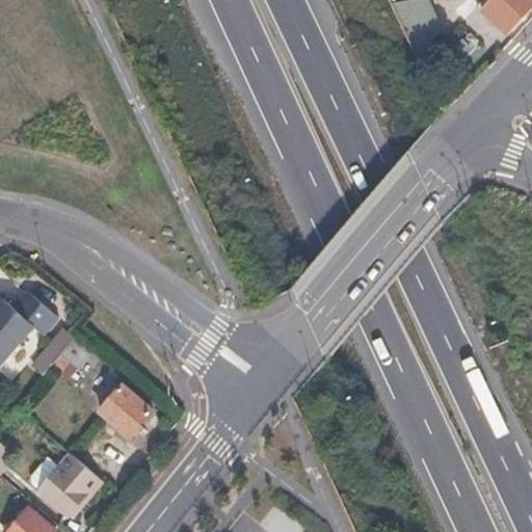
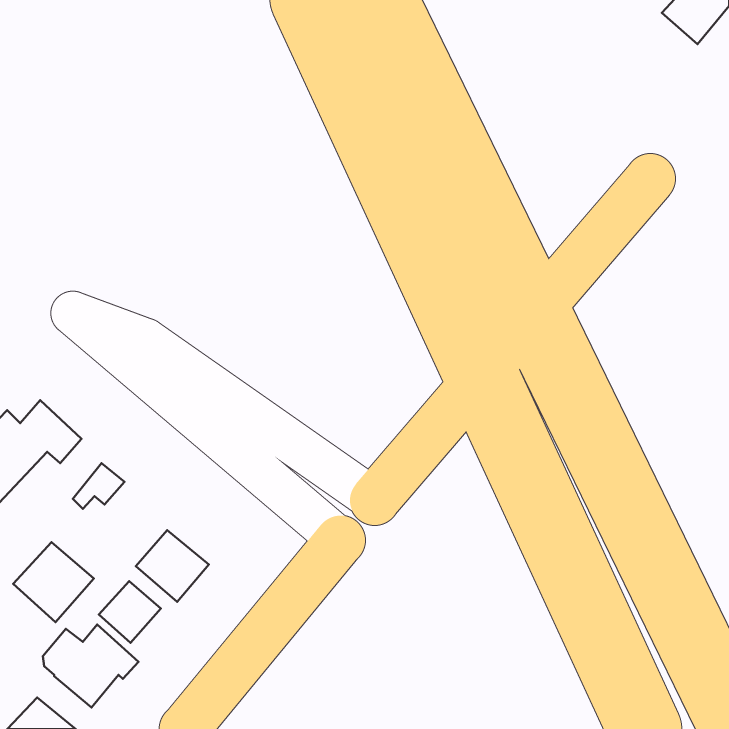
building: none -> [13,542,94,622]
building: none -> [99,581,161,643]

